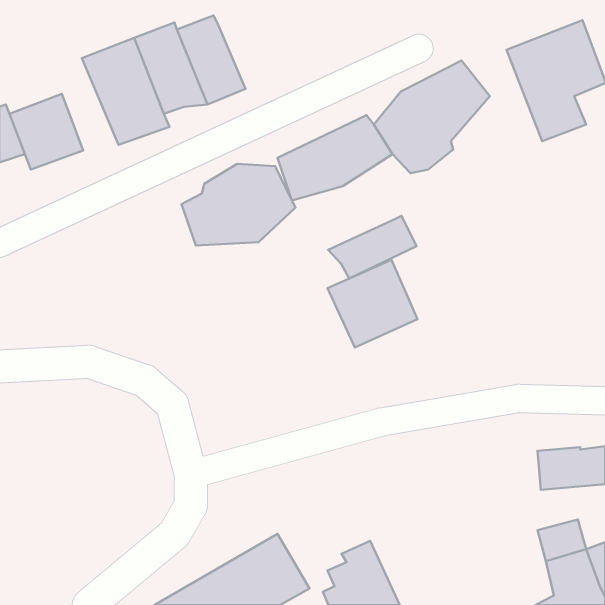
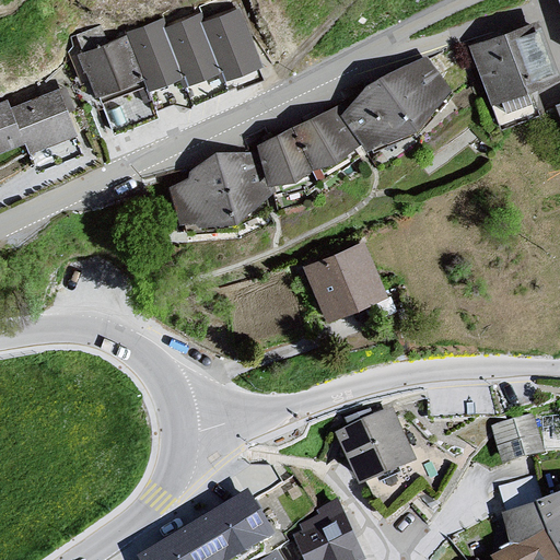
building: none -> [200,7,265,89]
building: [328,216,417,279] -> none
building: none -> [339,410,420,492]

